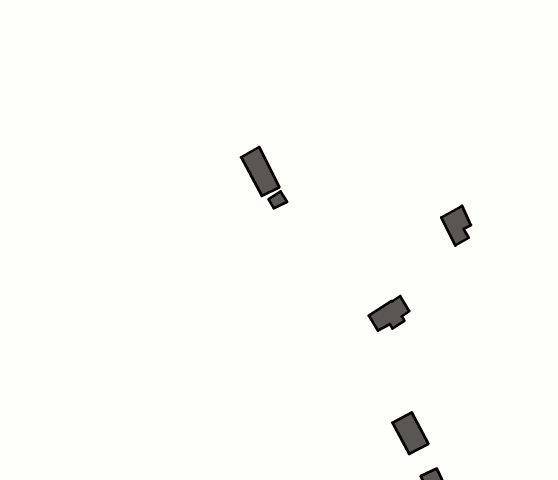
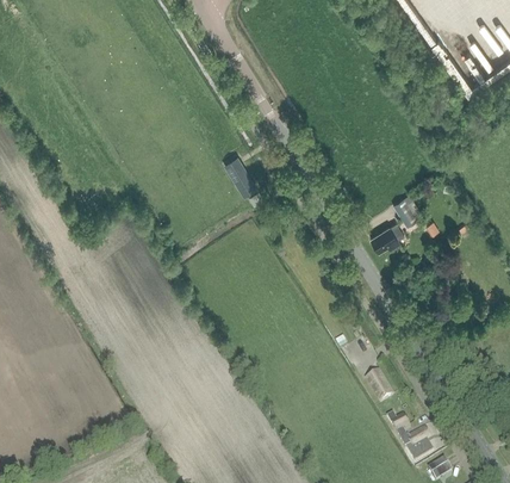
building: [369,296,409,331] -> [371,221,404,250]

